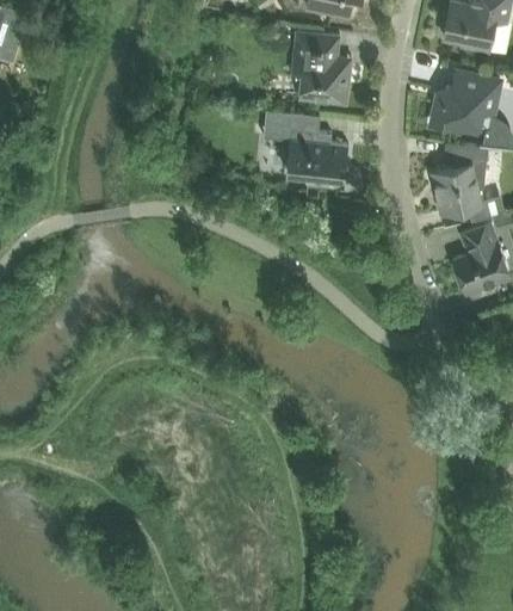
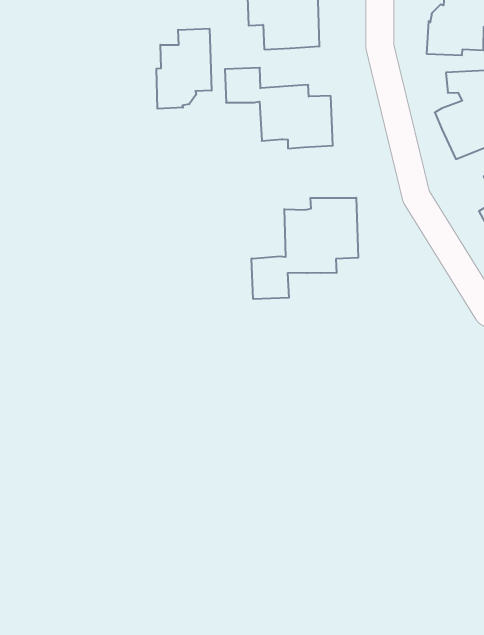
building: none -> [156,29,212,109]
building: none -> [252,198,358,299]

